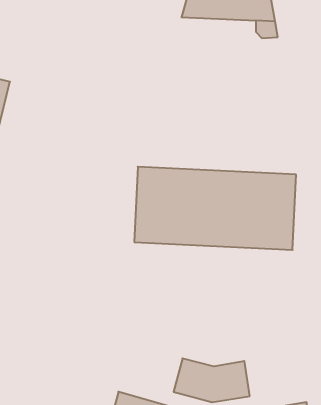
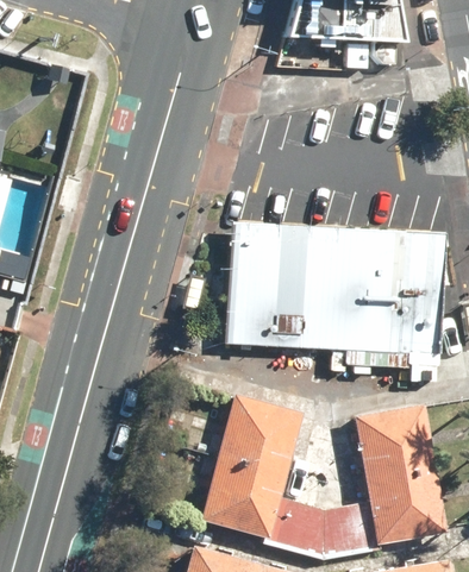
building: none -> [198,395,300,538]
building: none -> [351,404,445,545]

